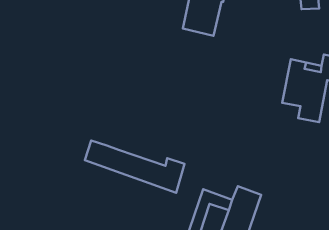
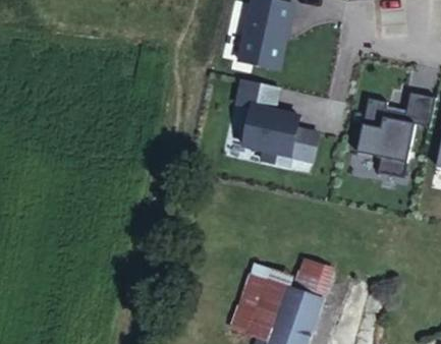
building: none -> [235,80,319,168]
building: [85,141,185,193] -> none

